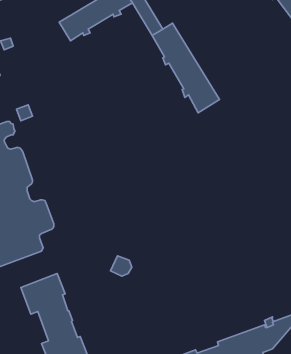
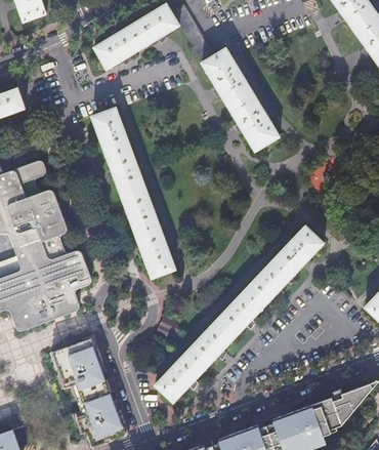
building: none -> [92,108,175,278]
building: none -> [155,226,323,403]

